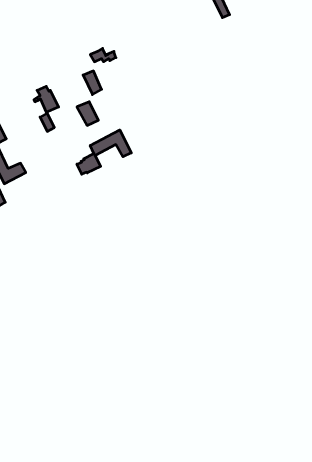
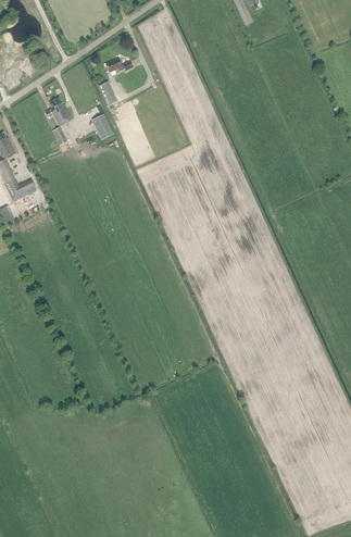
building: [77,130,131,174] -> none

